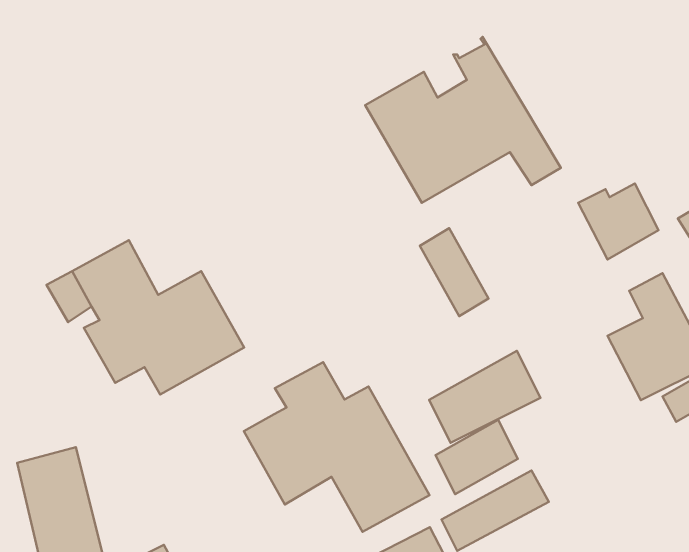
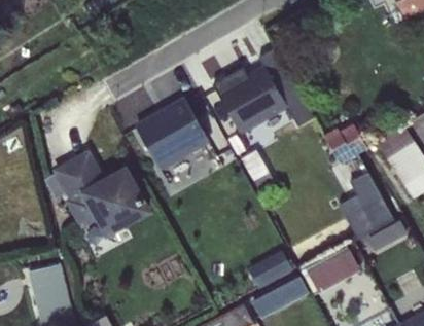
building: none -> [135,97,210,172]
building: [429,351,540,443] -> [302,245,360,293]
building: [244,362,429,532] -> none

